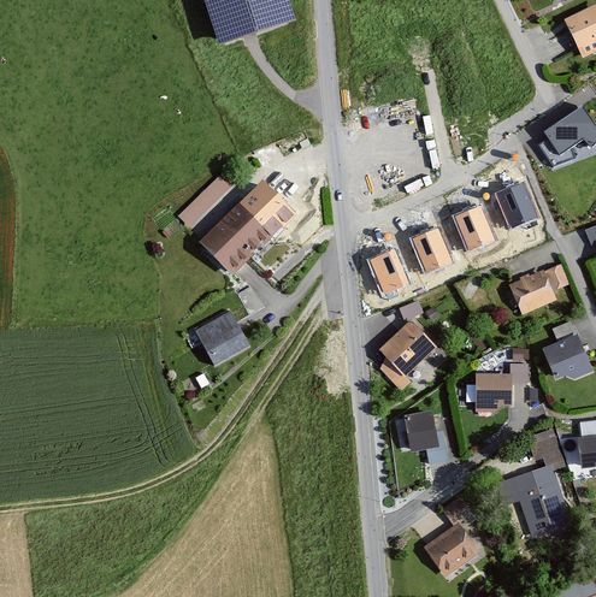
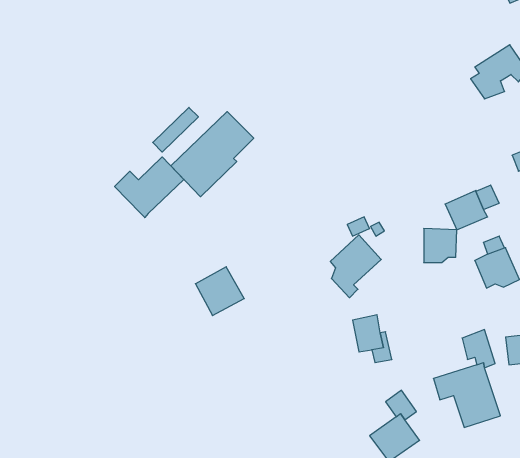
building: [496,182,536,227] -> none
building: [455,206,494,250] -> none
building: [412,227,450,273] -> none
building: none -> [115,157,184,218]
building: [368,248,408,294] -> none
building: [194,311,249,366] -> [195,267,244,316]
building: [474,373,512,412] -> [424,229,457,263]

